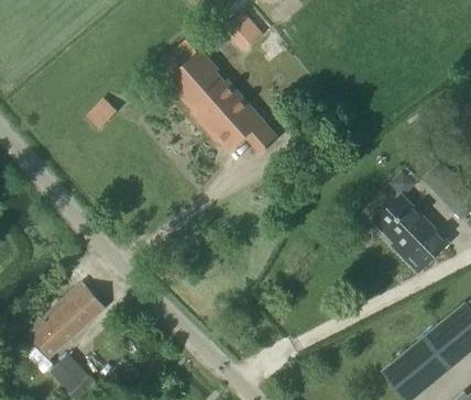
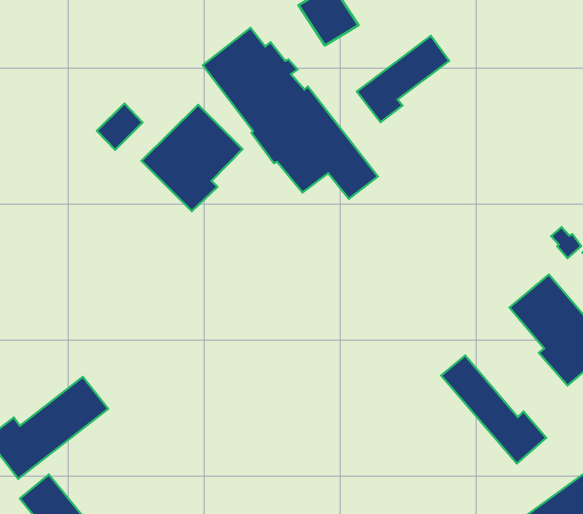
building: none -> [357,36,449,122]
building: none -> [141,105,243,211]
building: none -> [441,355,546,464]

